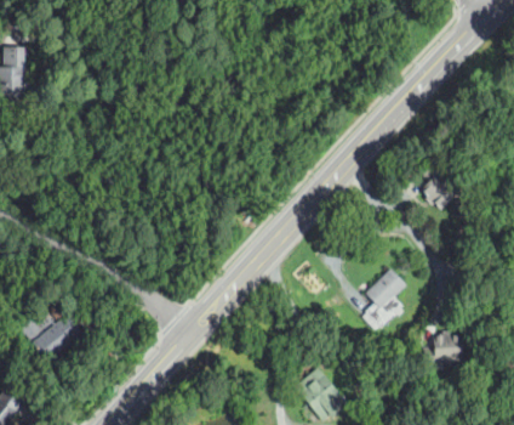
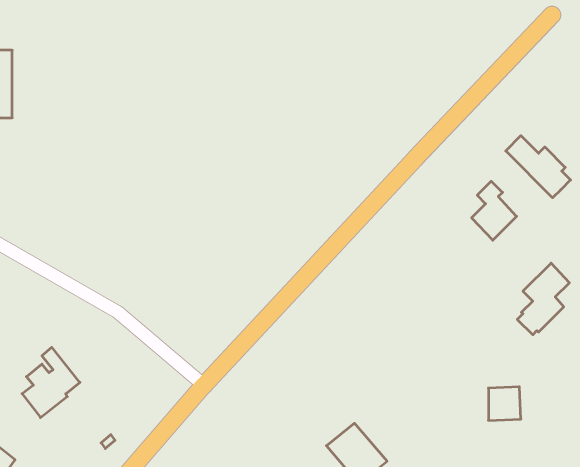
building: none -> [506,136,571,198]
building: [362,267,407,329] -> [517,263,569,335]

